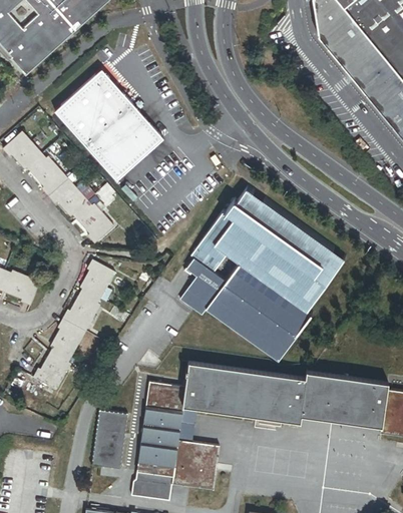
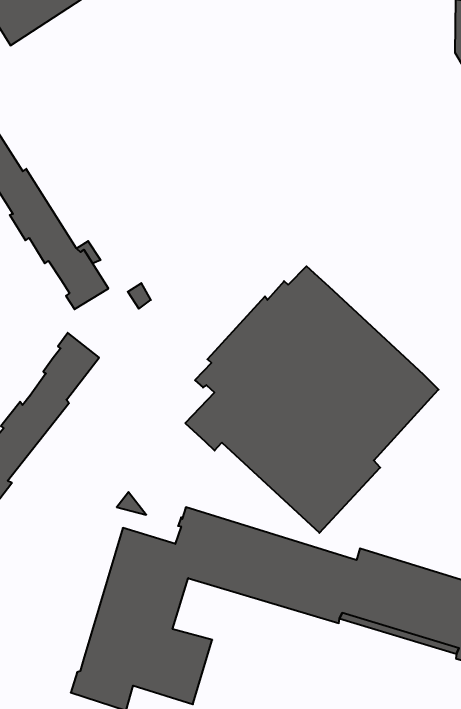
building: [49,67,160,181] -> none
building: [92,410,127,468] -> none

